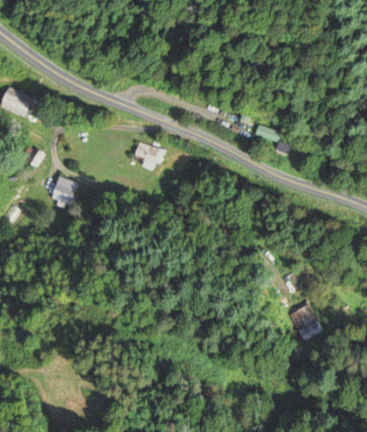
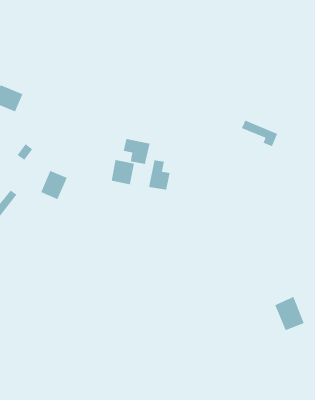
building: none -> [111,159,135,185]
building: none -> [148,159,170,190]

